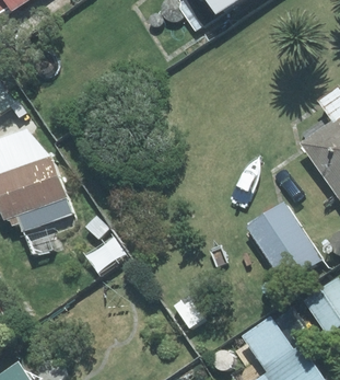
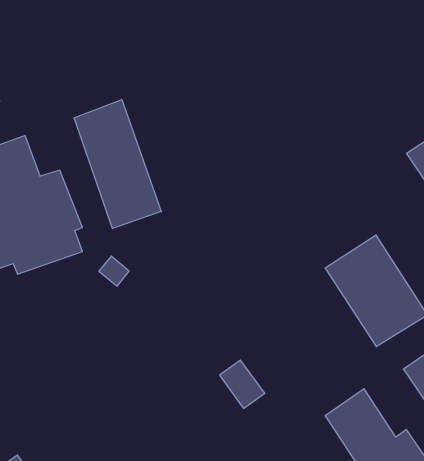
building: none -> [74,99,161,229]

